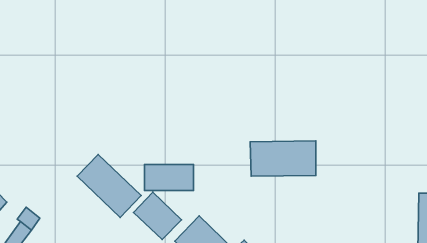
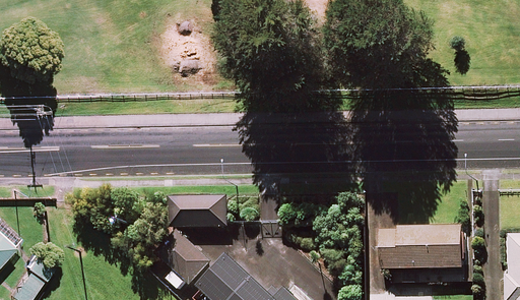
building: [250,141,316,176] -> [380,226,459,268]
building: [77,154,141,218] -> none

